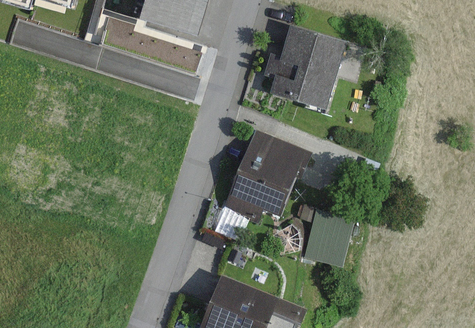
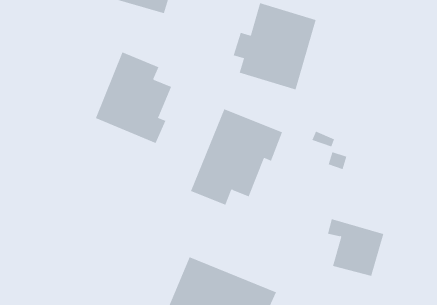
building: none -> [95,52,172,144]
building: [299,205,355,262] -> [327,218,384,276]

